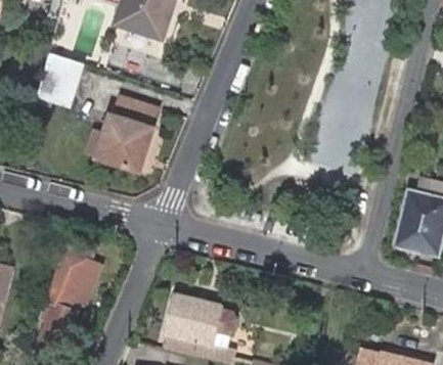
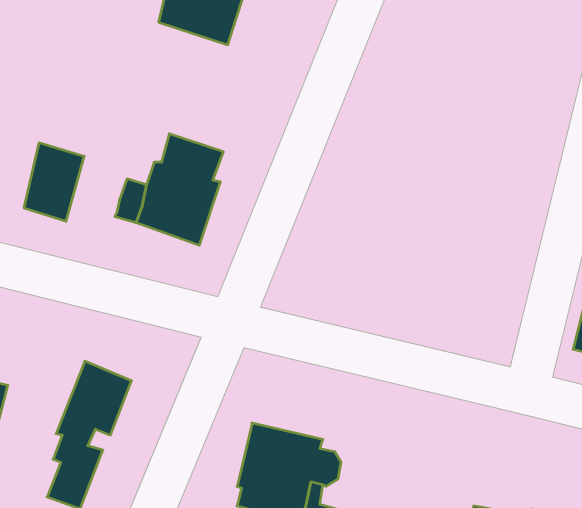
building: [40,52,81,105] -> [24,143,84,221]

